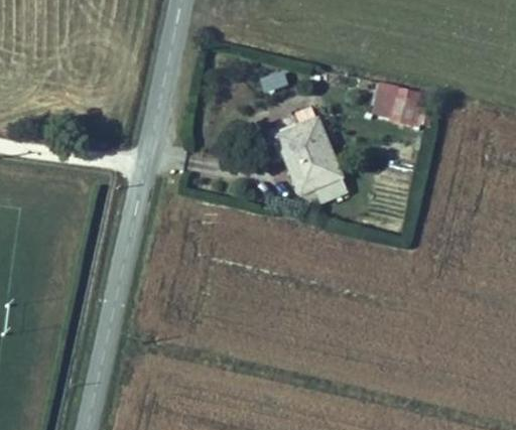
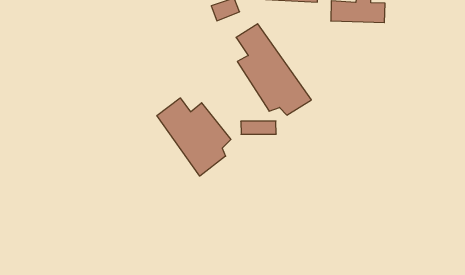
building: none -> [157,98,231,176]

